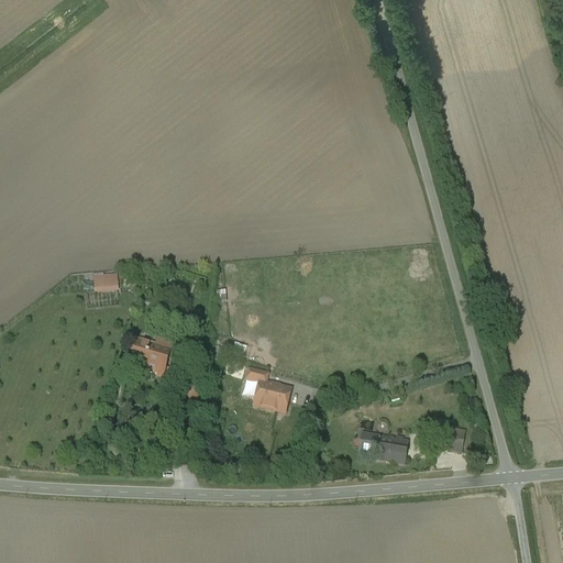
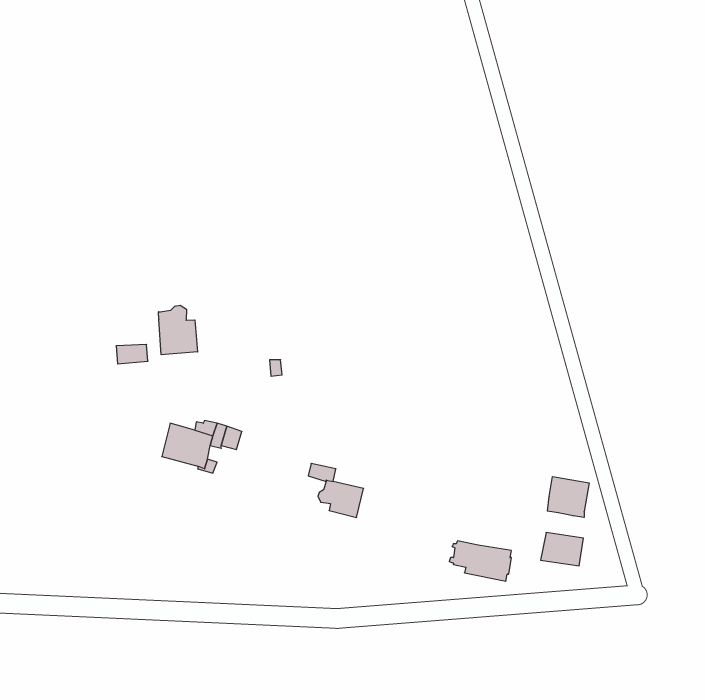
building: none -> [159,305,198,355]
building: none -> [547,477,589,517]

